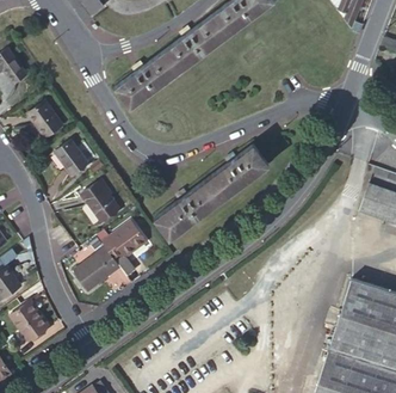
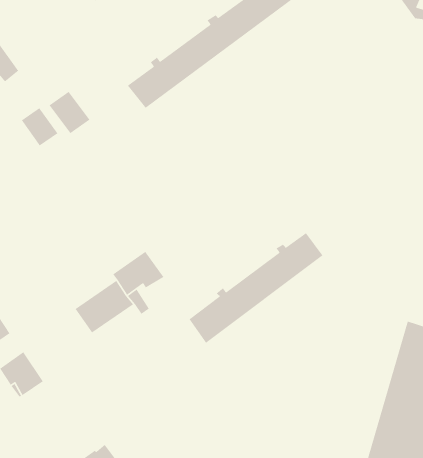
building: [56,140,91,176] -> [48,91,91,134]
building: [156,146,267,238] -> [188,232,323,344]
building: [81,177,120,221] -> none

